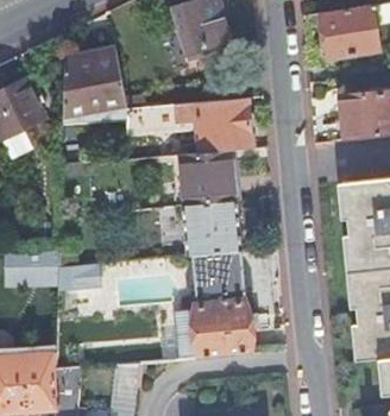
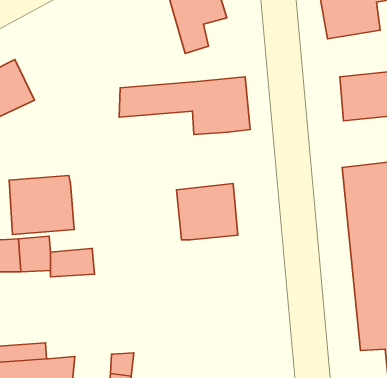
building: [62,44,126,113] -> none
building: [176,150,235,206] -> none
building: none -> [9,175,74,234]
building: [174,250,250,359] -> none

